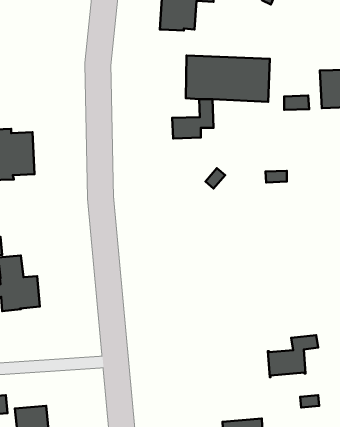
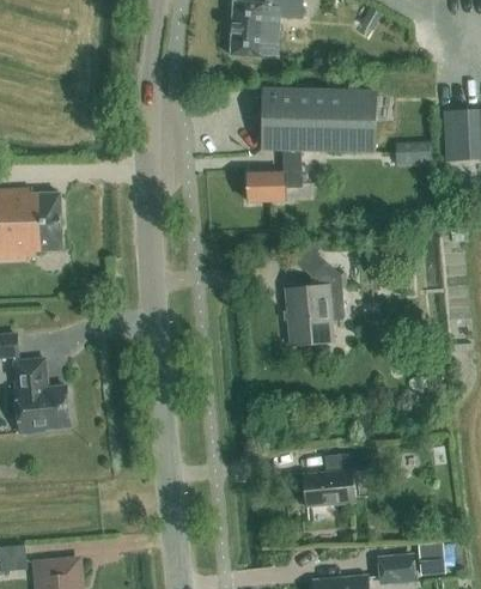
building: none -> [287,260,343,341]
building: [268,335,318,377] -> [304,451,371,508]
building: none -> [379,555,414,582]

